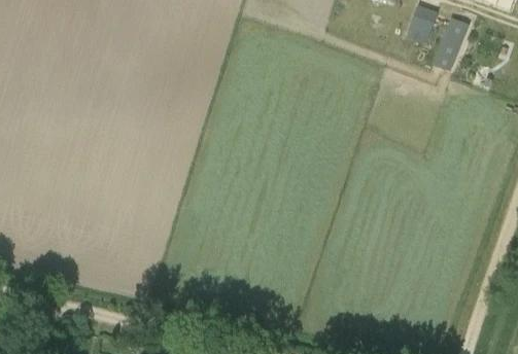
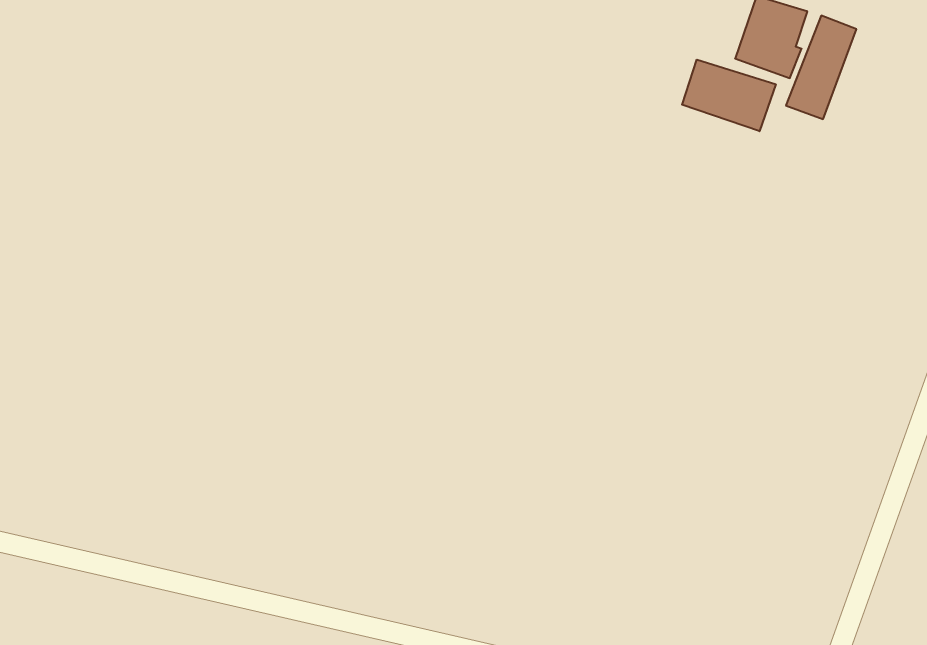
building: none -> [682,60,776,131]

